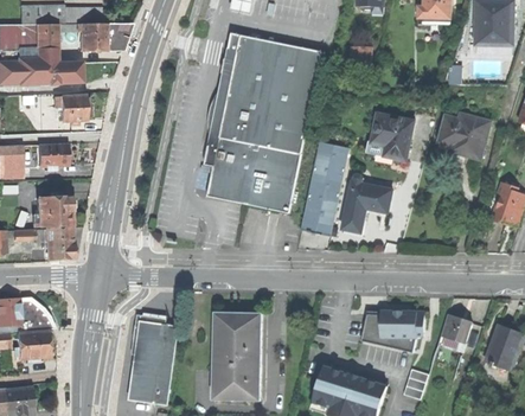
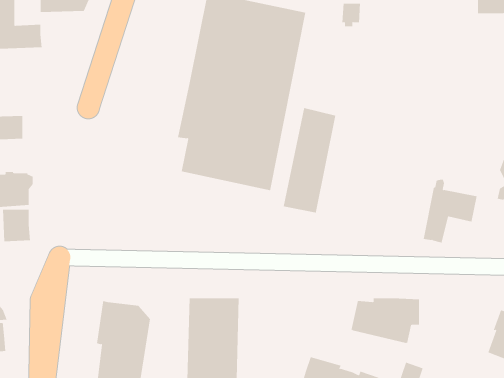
building: [51,95,87,121] -> none
building: [371,113,414,160] -> none
building: [438,116,491,159] -> none
building: [342,174,392,232] -> [423,179,478,243]
building: [437,309,472,347] -> none

